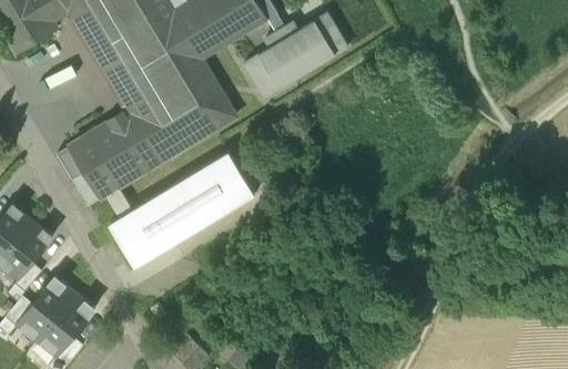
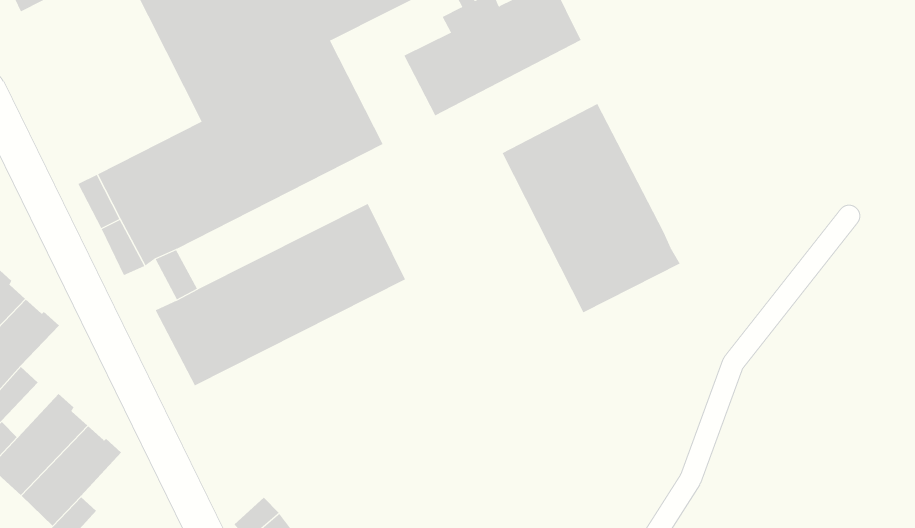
building: none -> [502,103,681,313]

